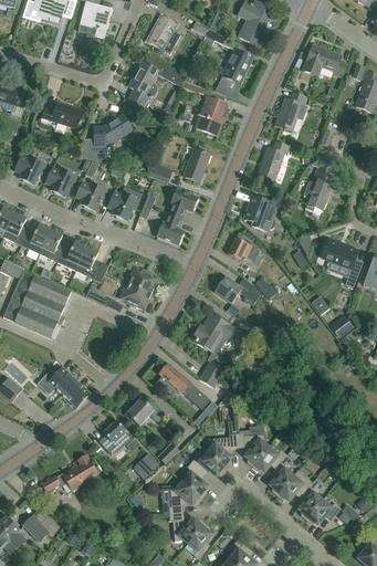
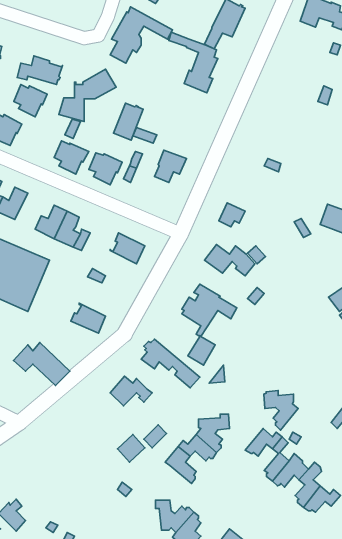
building: [275,92,306,132] -> none
building: [258,140,289,180] -> none
building: [182,148,210,182] -> [113,103,143,140]
building: [304,155,335,217] -> none
building: [45,167,76,197] -> [14,85,47,117]
building: [243,196,276,232] -> none
building: [157,213,184,244] -> none
building: [39,229,63,262] -> none
building: [119,282,151,310] -> [71,303,106,333]
building: [100,420,130,454] -> none
building: [237,430,269,467] -> [264,391,298,430]
building: [42,454,98,491] -> none
building: [168,481,202,513] -> none

